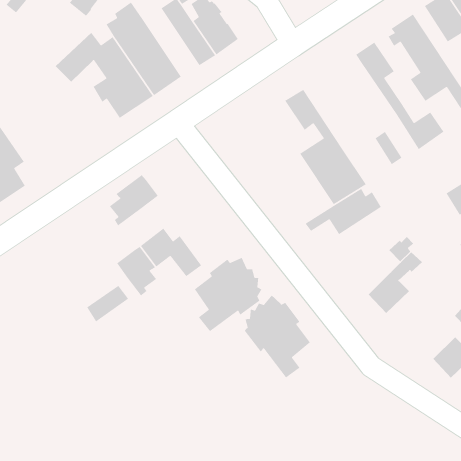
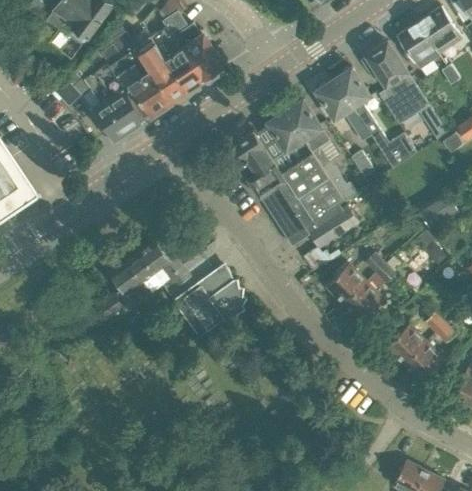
building: none -> [136,37,188,101]
building: none -> [316,80,371,142]
building: none -> [285,99,356,201]
building: none -> [232,130,313,237]
building: [109,174,159,227] -> none
building: none -> [327,264,366,303]
building: [244,295,311,378] -> none
building: none -> [387,325,426,363]

